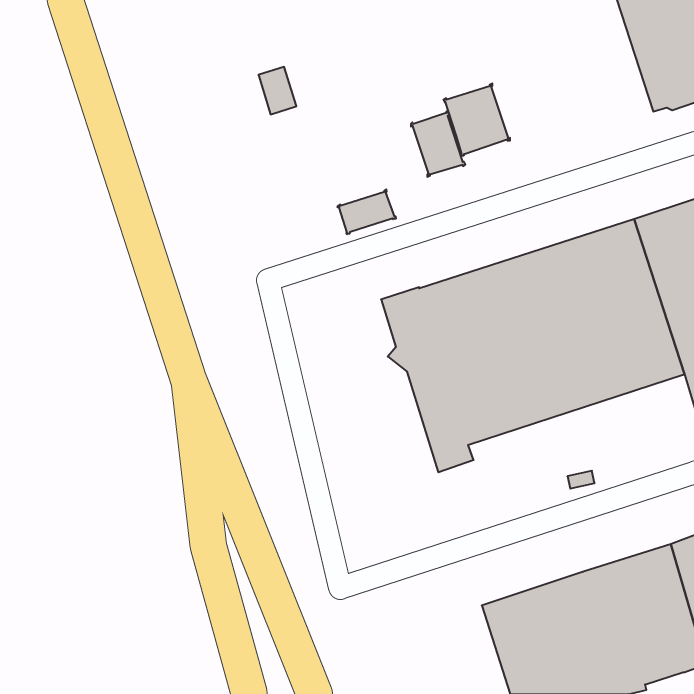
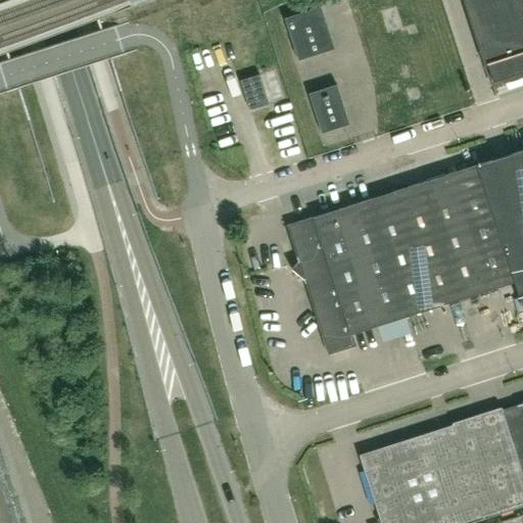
building: [258,67,296,114] -> [241,74,270,109]
building: [443,83,510,155] -> [285,5,335,59]
building: [338,189,396,234] -> none

